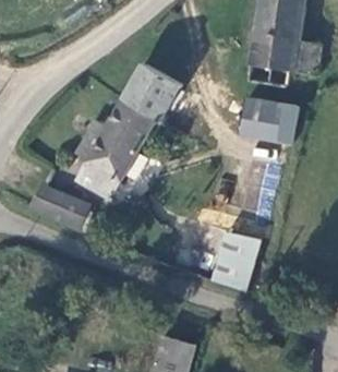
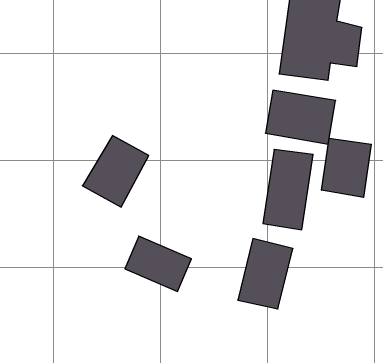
building: [102,65,178,155] -> none
building: none -> [322,138,371,197]
building: [39,177,97,225] -> [125,236,191,291]

